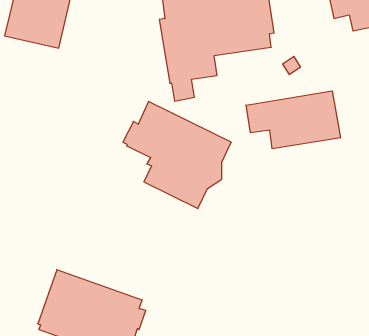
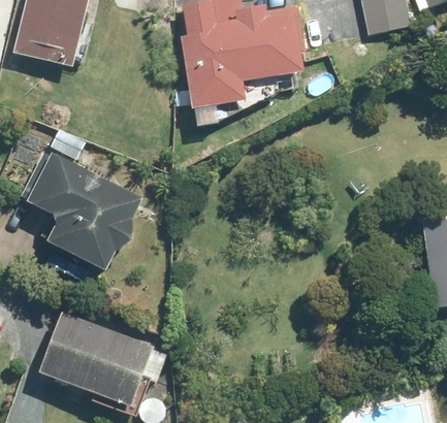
building: [246,91,340,149] -> none
building: [123,101,231,209] -> [21,153,138,269]

